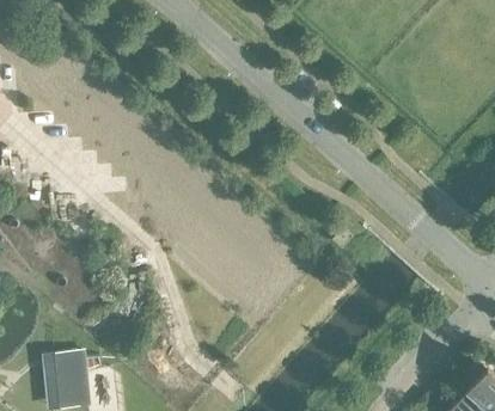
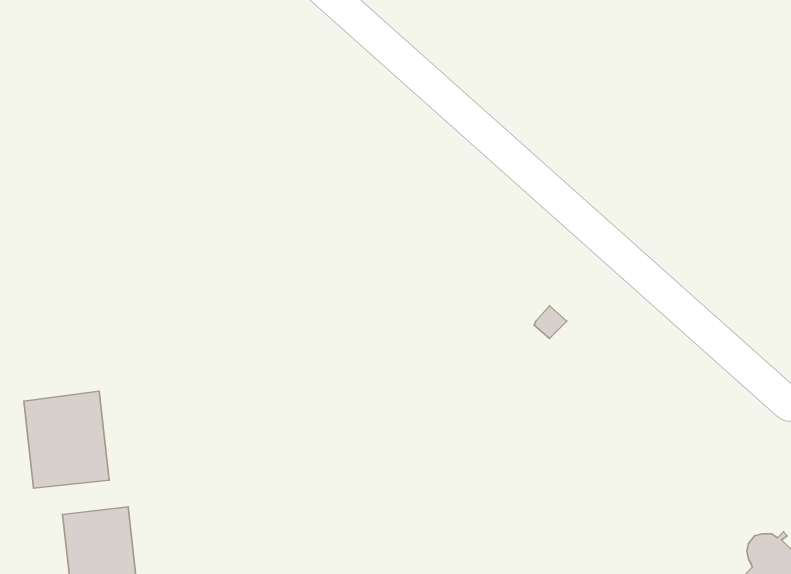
building: none -> [24,391,109,488]

